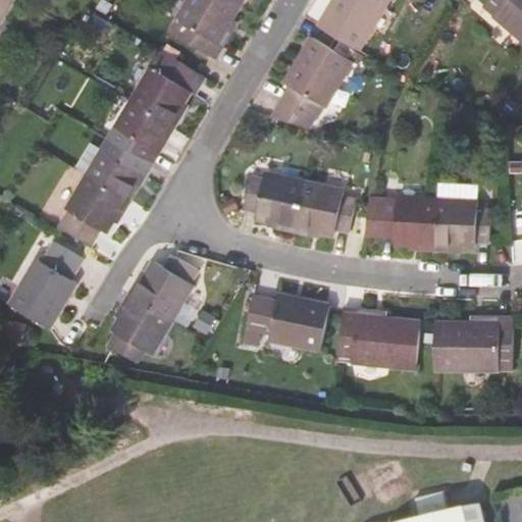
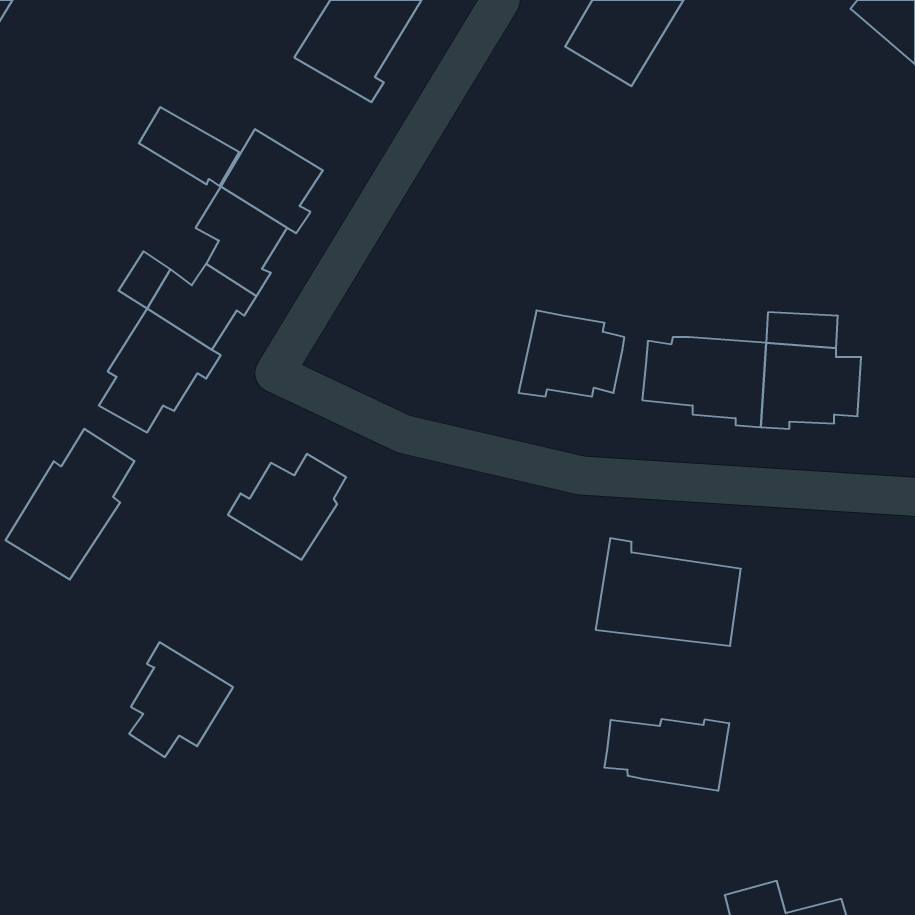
building: [281,41,352,120] -> none
building: [145,54,202,99] -> [139,107,239,186]
building: [246,169,305,224] -> none
building: [112,294,171,359] -> [129,642,233,757]
building: [246,296,331,352] -> none
building: [433,319,513,371] -> none
building: none -> [605,719,729,791]

